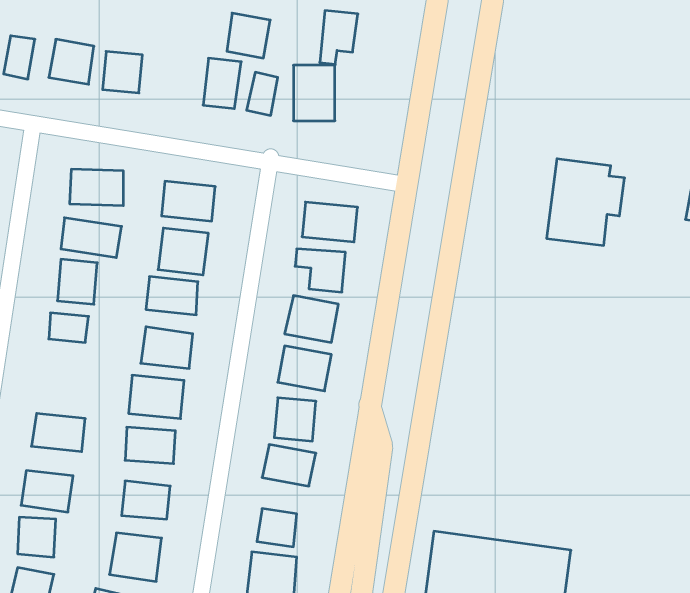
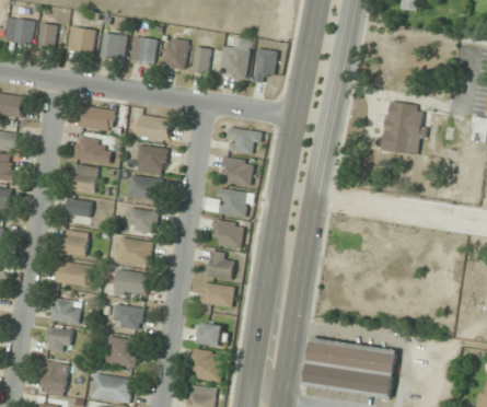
building: [320,11,358,64] -> [253,48,277,82]
building: [227,13,270,58] -> [129,35,156,63]
building: none -> [60,229,88,257]

